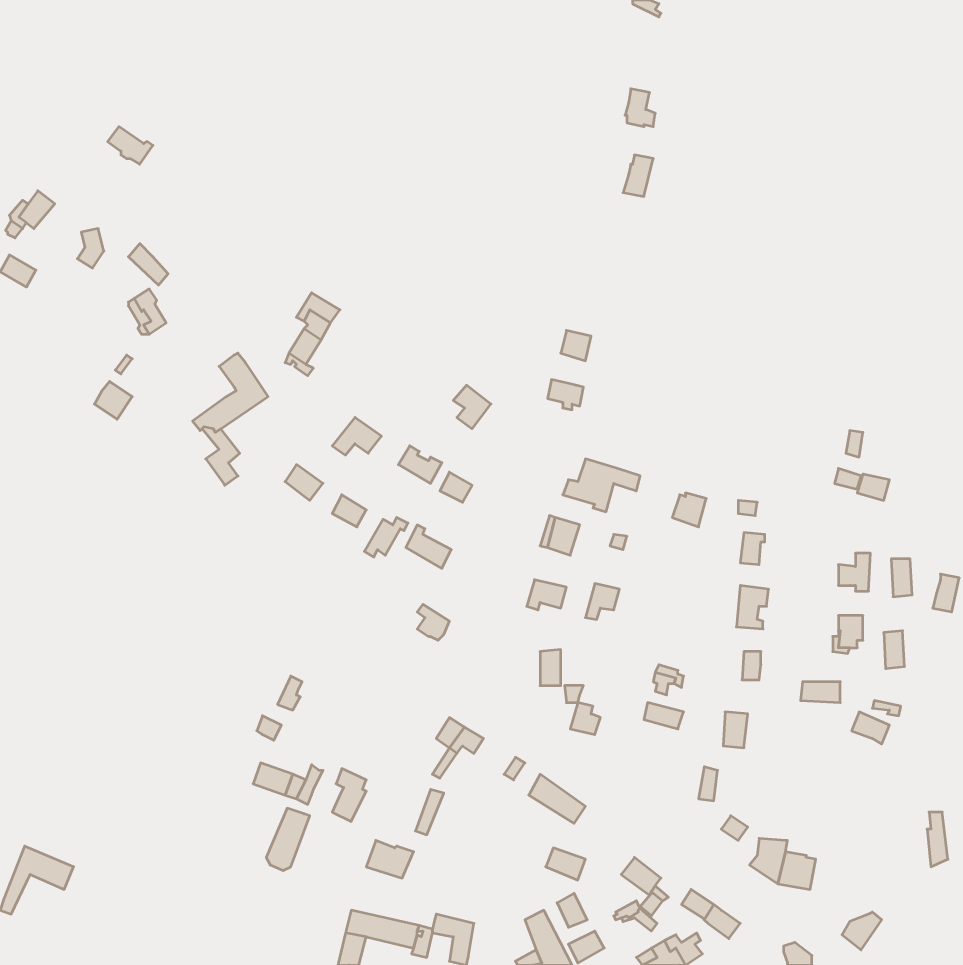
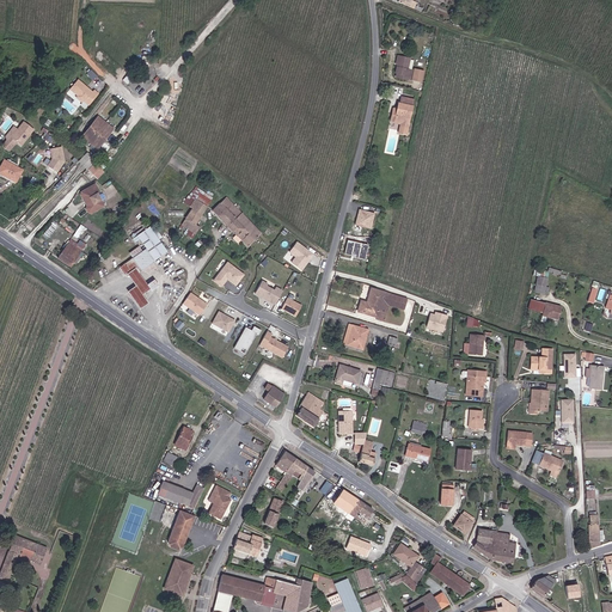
building: none -> [82,116,114,148]
building: none -> [215,196,262,245]
building: none -> [299,393,328,426]
building: none -> [166,562,192,594]

